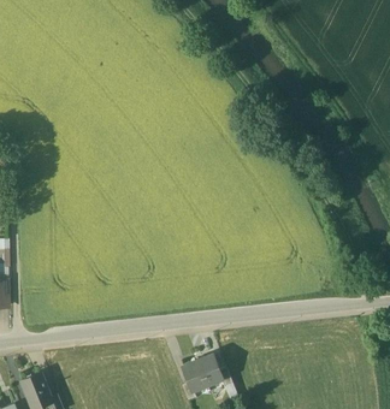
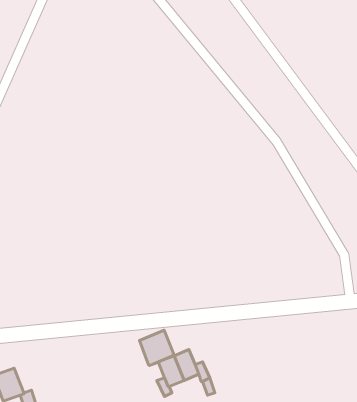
building: none -> [139,330,174,366]

